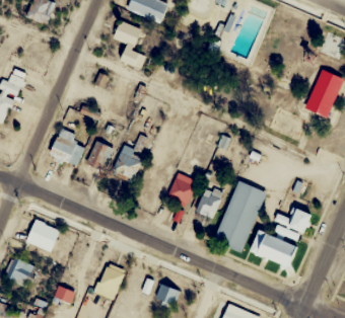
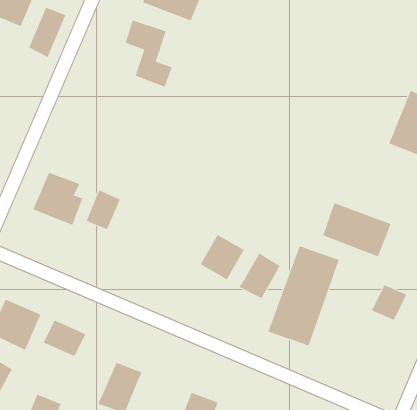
building: none -> [28,7,66,58]
building: [114,145,144,180] -> none
building: [251,229,299,267] -> [322,202,392,257]
building: none -> [43,320,86,357]

